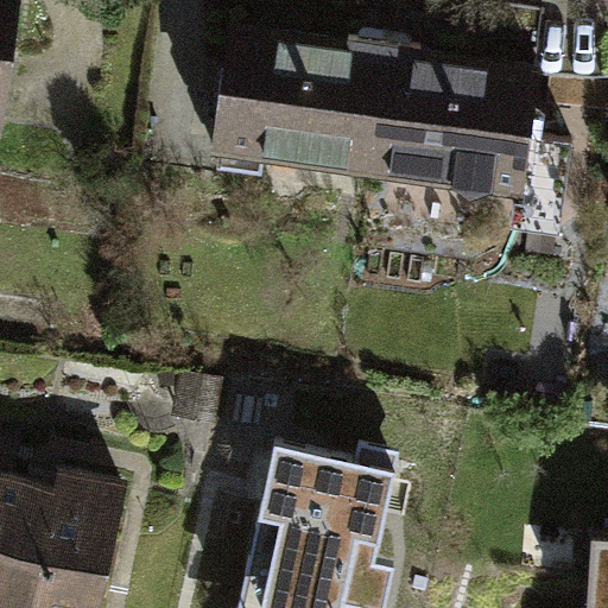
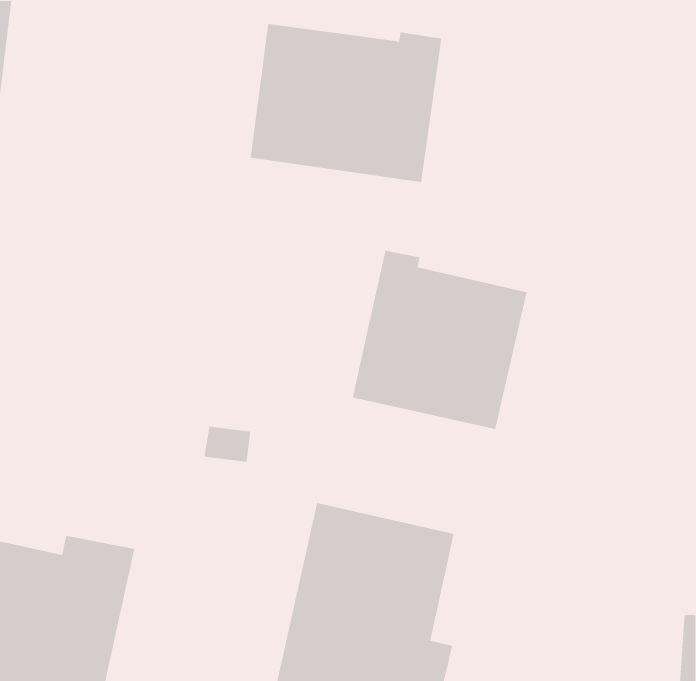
building: [367,48,570,221] -> none
building: none -> [352,250,528,430]

